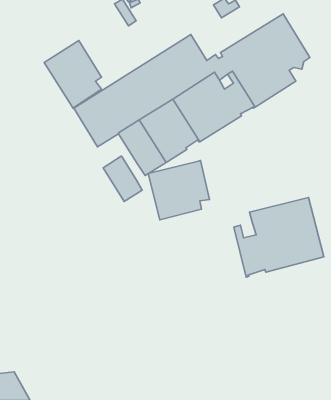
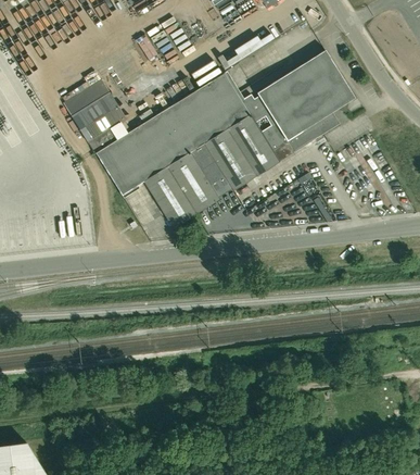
building: [103,156,142,201] -> none
building: [148,161,210,220] -> none
building: [234,198,324,277] -> none

